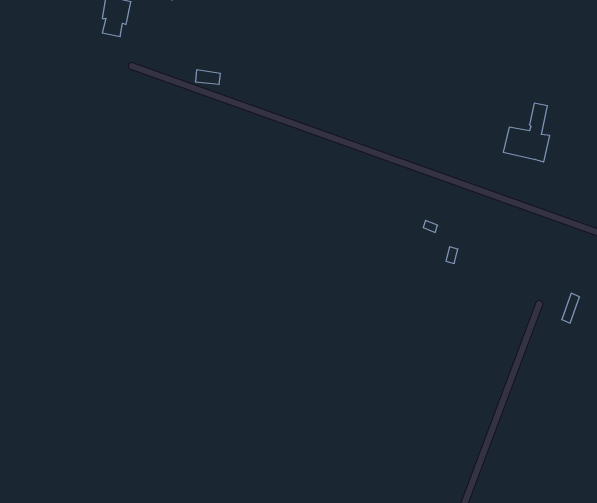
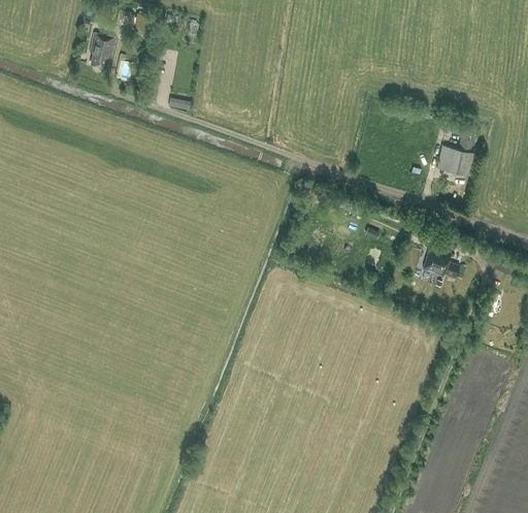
building: none -> [422,248,457,278]

